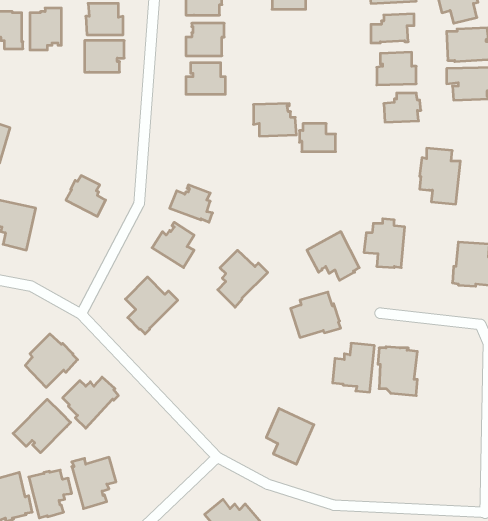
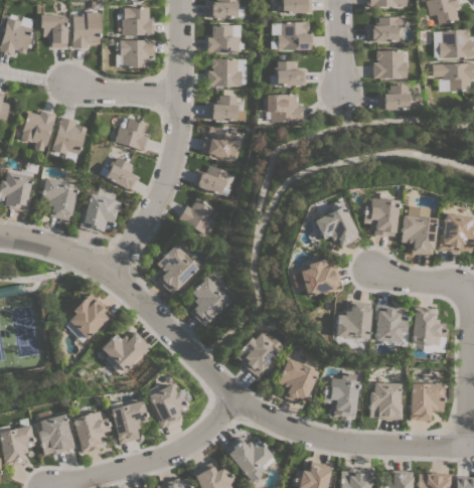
building: none -> [279,21,314,50]
building: none -> [207,95,247,121]
building: [299,124,336,152] -> [275,60,306,85]
building: none -> [52,117,87,163]
building: none -> [116,117,150,150]
building: none -> [202,125,239,159]
building: [420,148,460,204] -> [401,206,436,255]
building: none -> [80,193,117,231]
building: [218,250,268,307] -> [190,277,233,326]
building: none -> [412,307,447,353]
building: none -> [235,332,281,377]
building: [13,399,71,453] -> none
building: none -> [323,377,359,417]
building: none -> [369,381,404,420]
building: none -> [411,382,445,421]
building: none -> [148,383,189,428]

